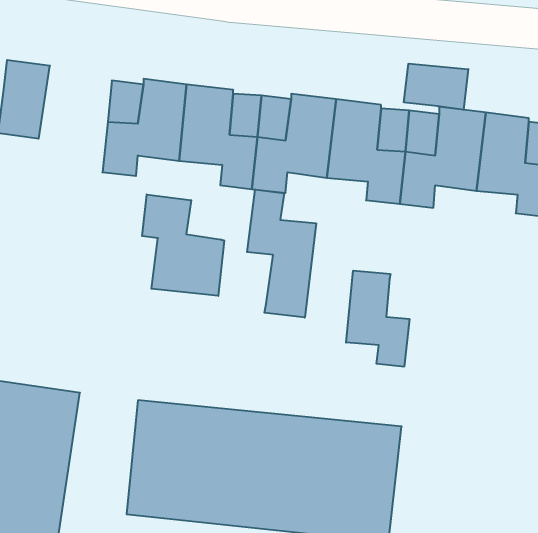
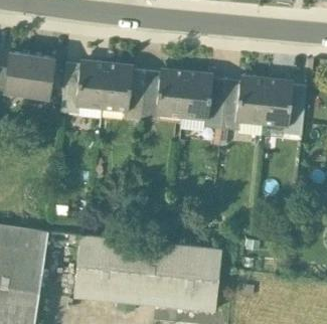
building: [404,64,468,110] -> none
building: none -> [26,54,54,98]
building: [247,189,316,318] -> none
building: [142,194,224,296] -> none
building: [346,271,409,367] -> none

